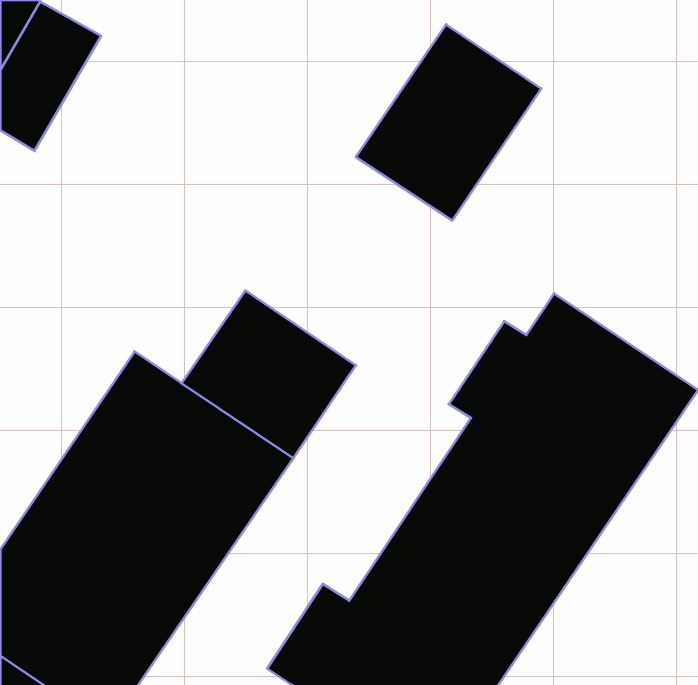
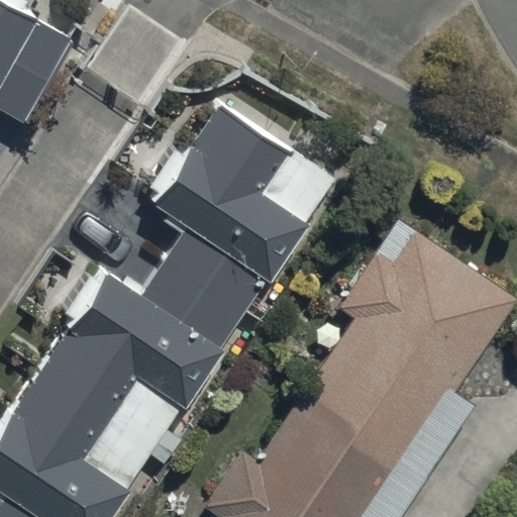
building: [356,24,541,220] -> none
building: none -> [147,100,336,283]

